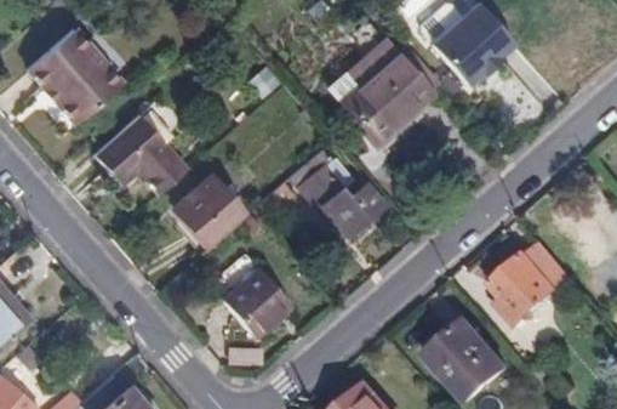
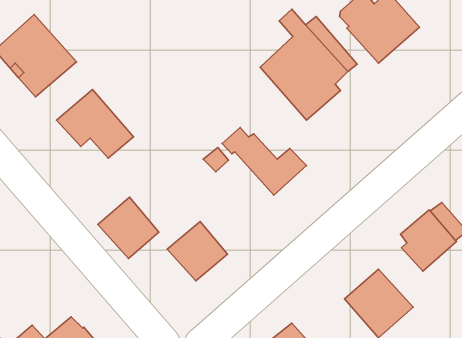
building: [175,175,245,245] -> [98,197,159,258]

